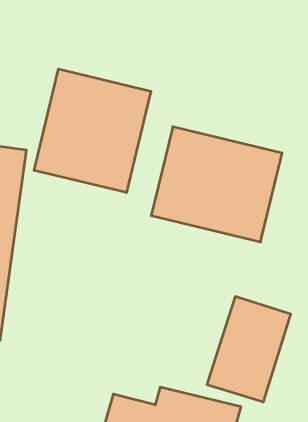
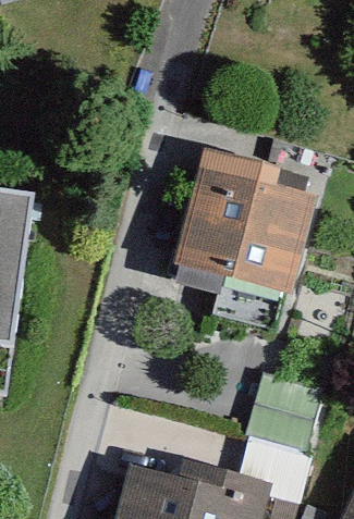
building: [34,69,151,193] -> none

